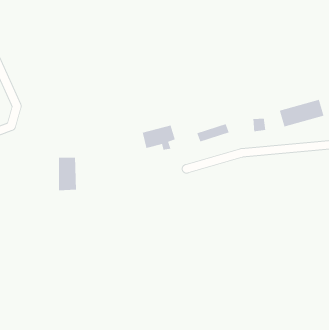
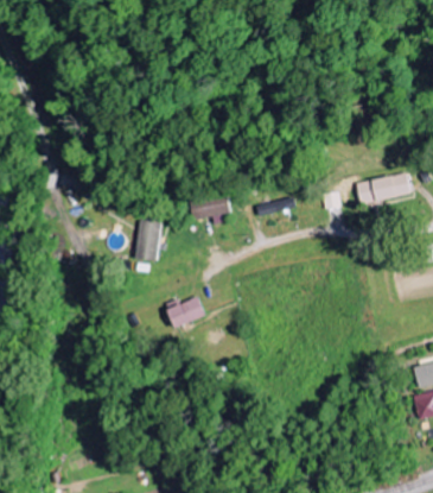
building: [58,157,77,191] -> [135,219,159,260]
building: none -> [166,298,205,329]

